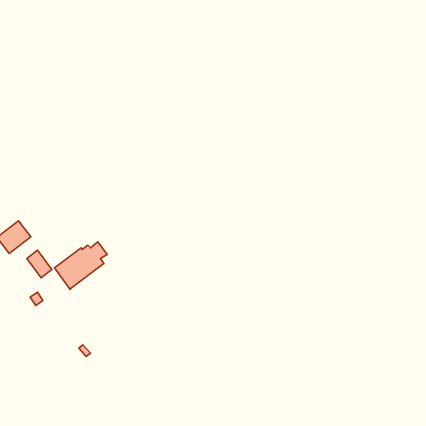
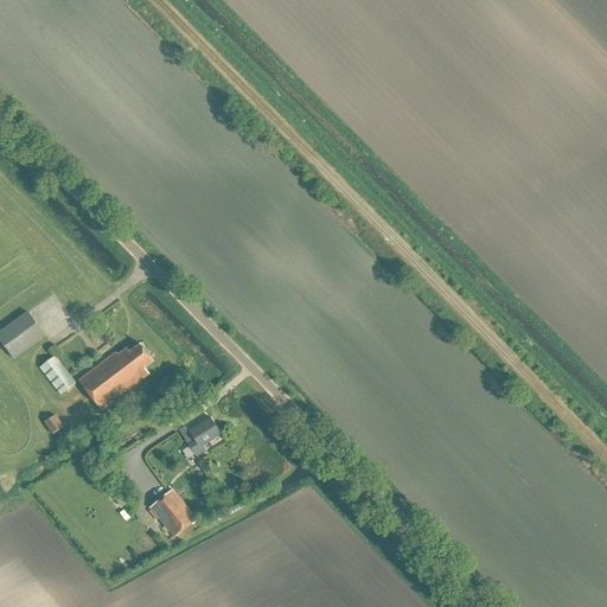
building: none -> [186,416,222,454]
building: none -> [148,488,194,536]

